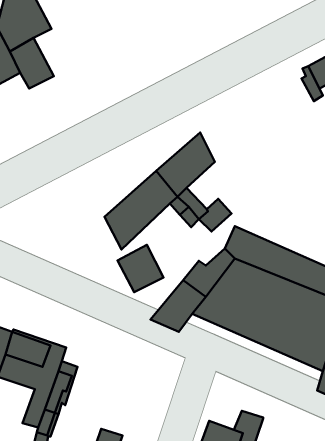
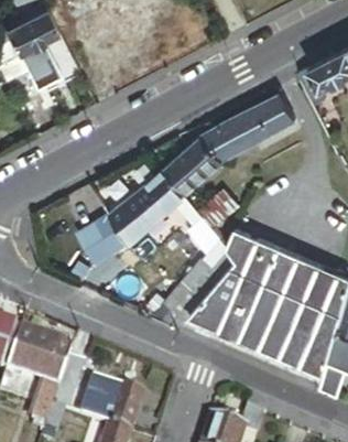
building: none -> [202,96,294,166]
building: [117,245,164,292] -> [79,220,124,267]
building: none -> [76,380,138,434]

